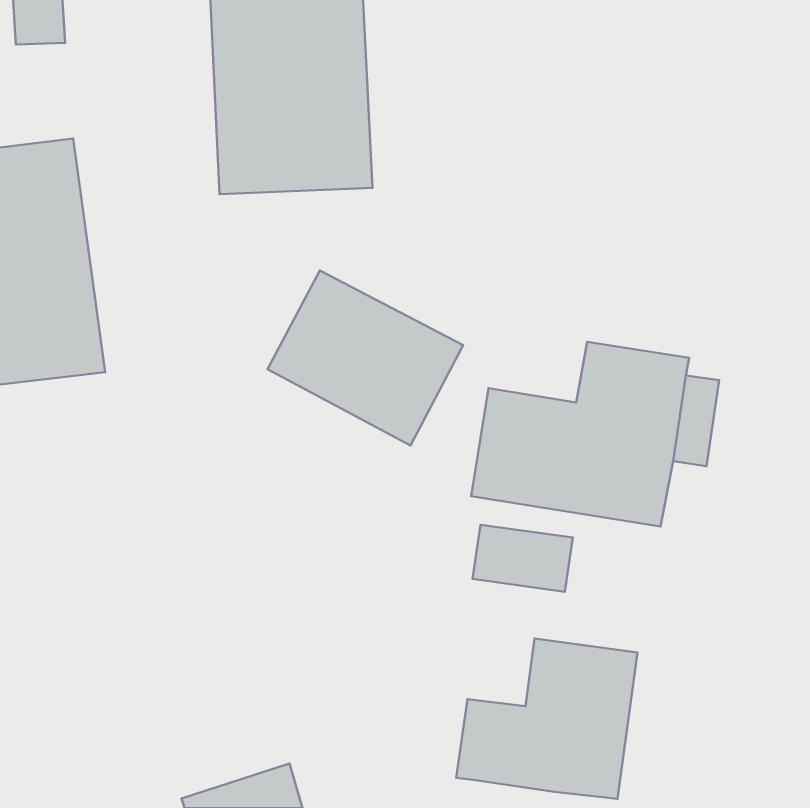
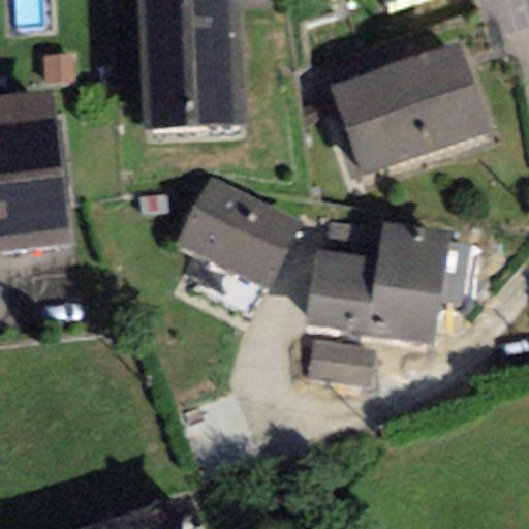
building: none -> [330,42,488,175]
building: [456,638,638,799] -> none

